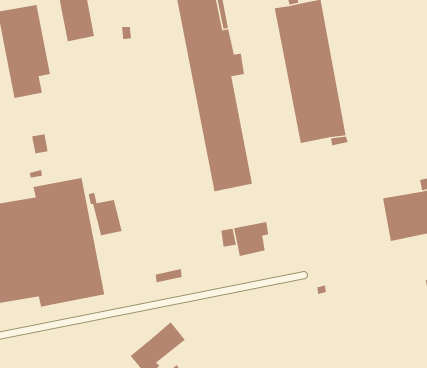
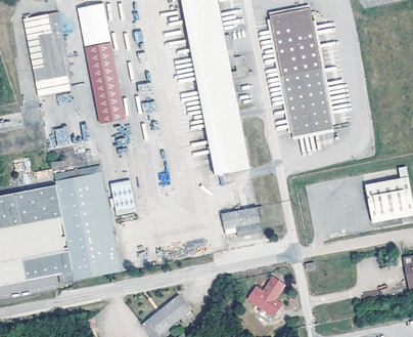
building: none -> [85,40,125,121]
building: none -> [246,275,284,315]

